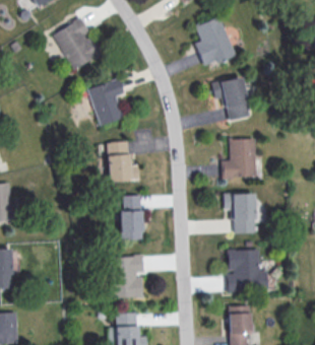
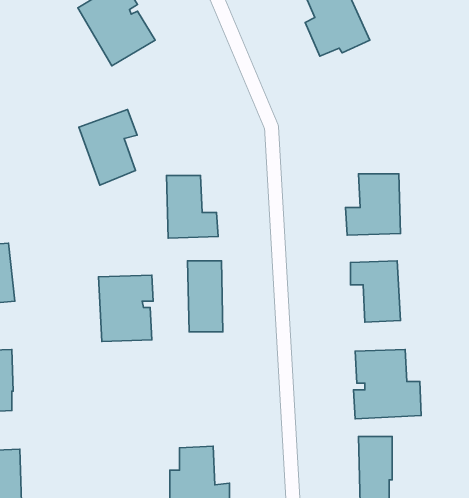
building: [212,76,251,120] -> none
building: [87,79,124,127] -> [79,109,137,185]
building: [108,258,142,299] -> [98,275,153,341]

